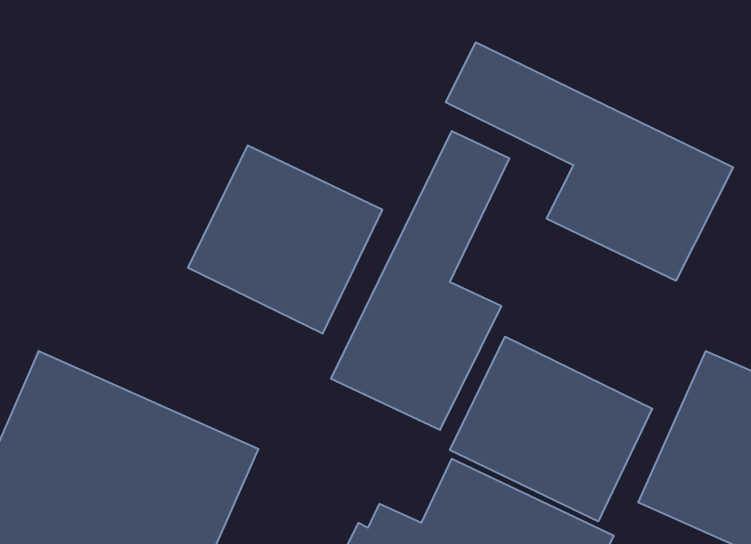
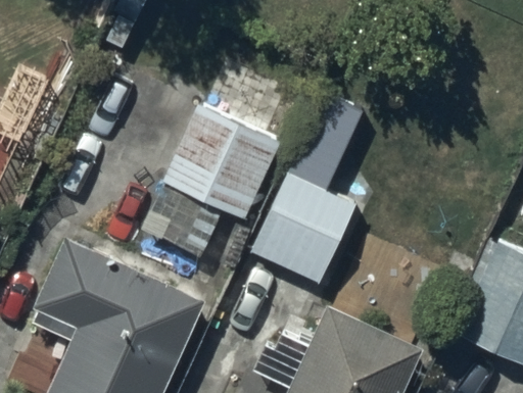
building: [446,42,733,281] -> none
building: [450,337,652,521] -> none

